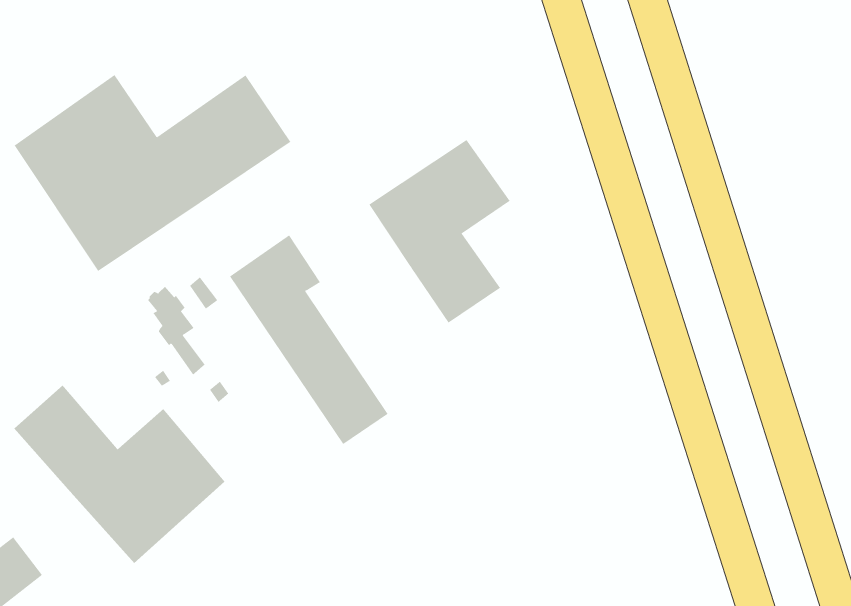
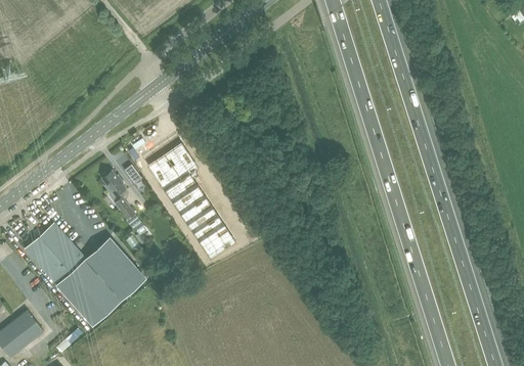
building: [14,74,291,272] -> none
building: [369,139,510,324] -> none

